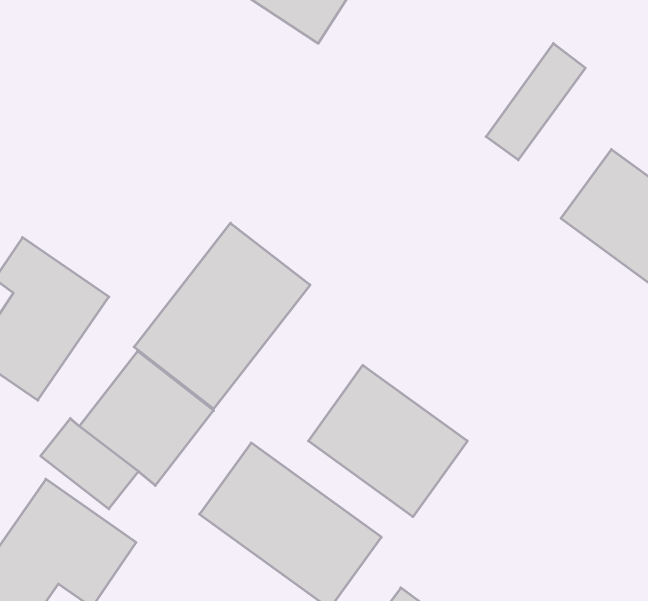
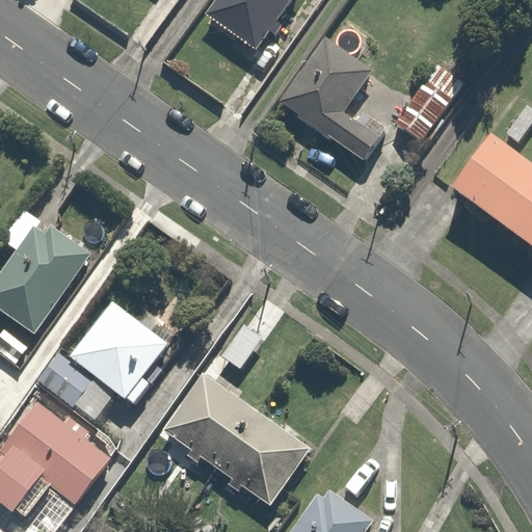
building: none -> [277,35,385,161]
building: [134,223,310,409] -> none
building: [308,365,467,517] -> none

